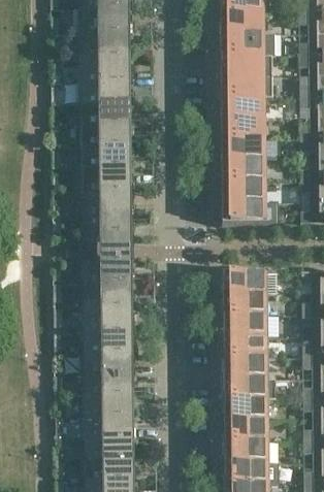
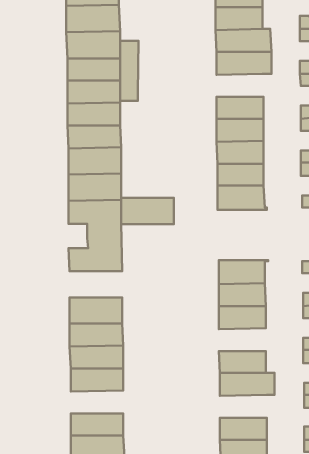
building: none -> [120,41,139,101]
building: [221,94,265,116] -> none
building: [83,280,132,304] -> [121,198,174,224]
building: [223,333,267,355] -> none
building: [84,392,133,414] -> none
building: [224,396,268,418] -> none

